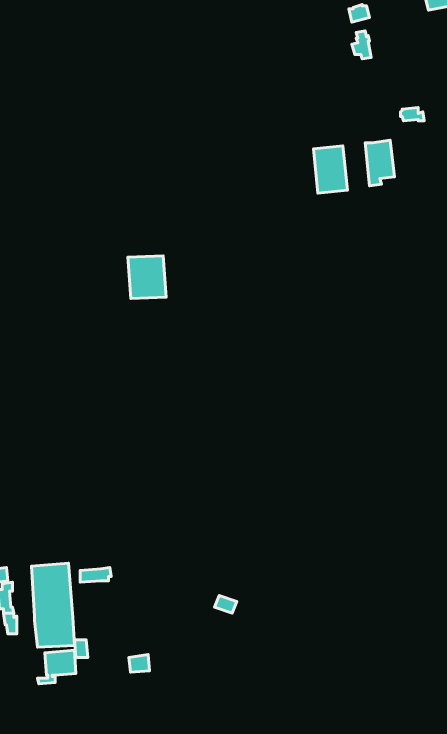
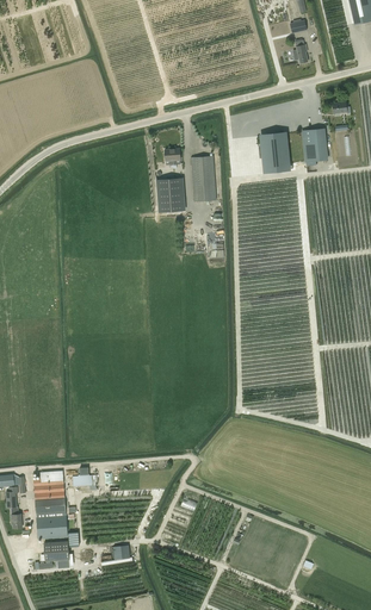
building: none -> [191,156,216,201]
building: [128,256,166,299] -> [155,178,186,212]

